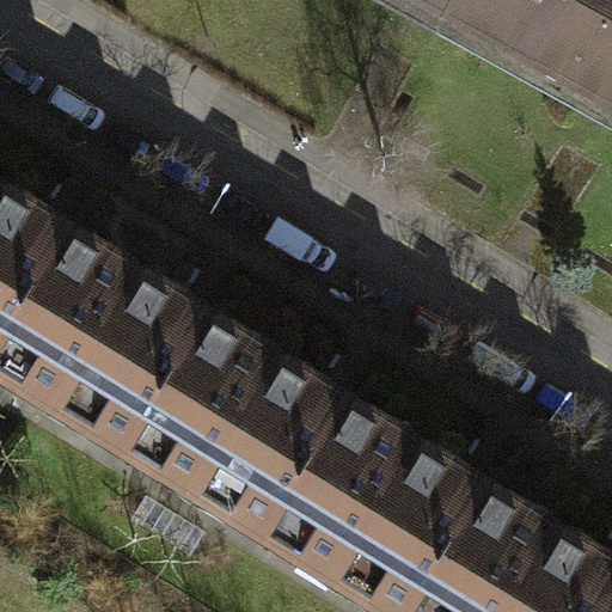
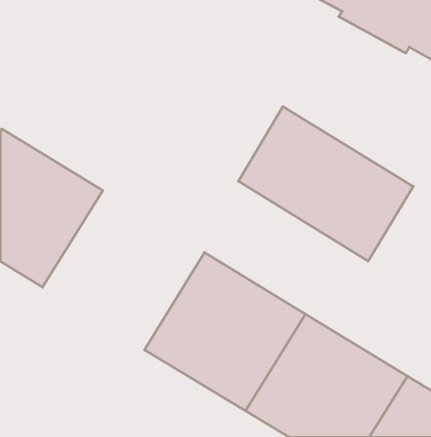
building: none -> [238,107,413,261]
building: [78,262,300,481] -> none

